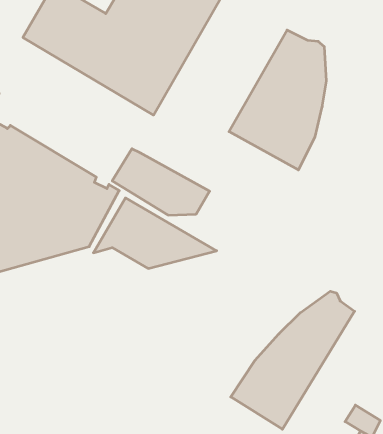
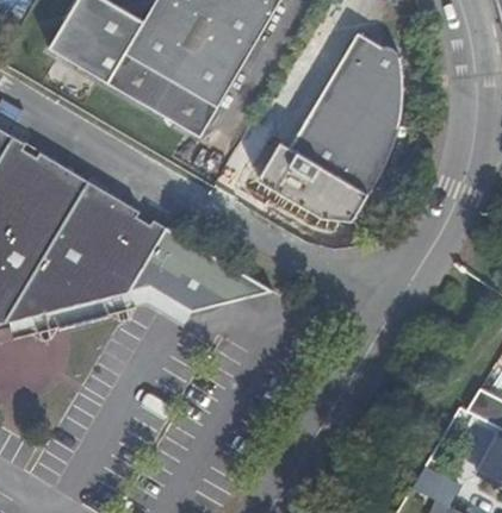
building: [112,149,210,215] -> [254,151,366,227]
building: [231,291,355,429] -> none

